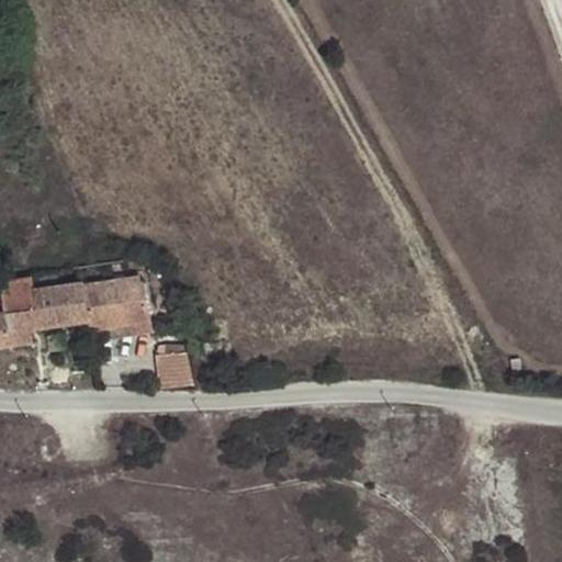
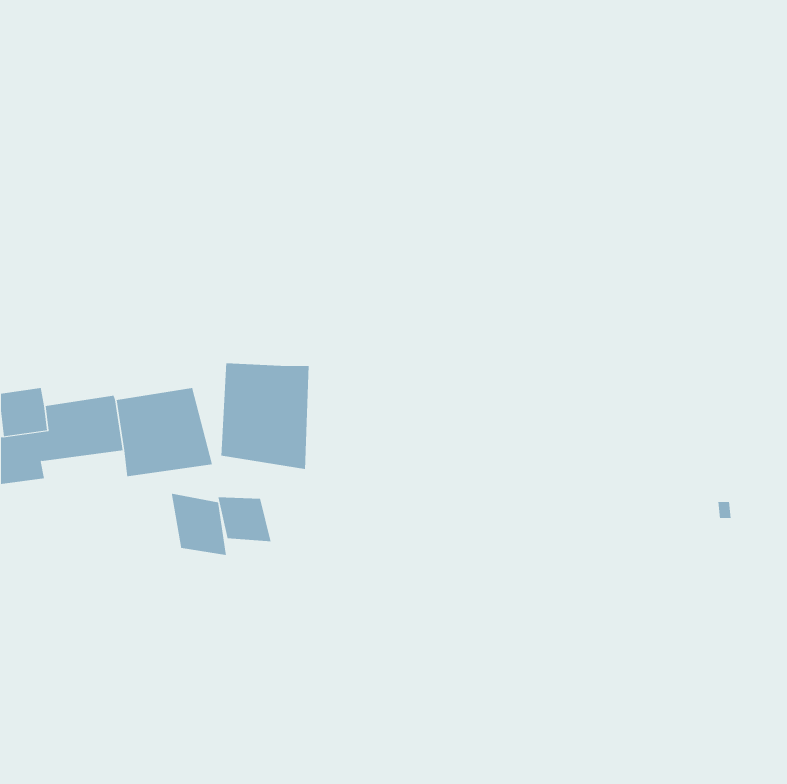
building: none -> [221,363,309,470]
building: none -> [171,493,226,556]

